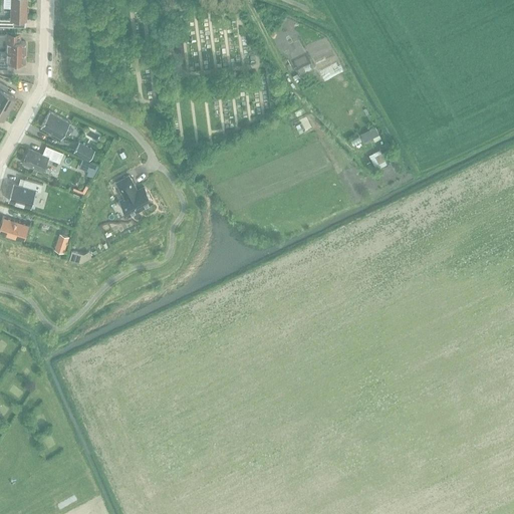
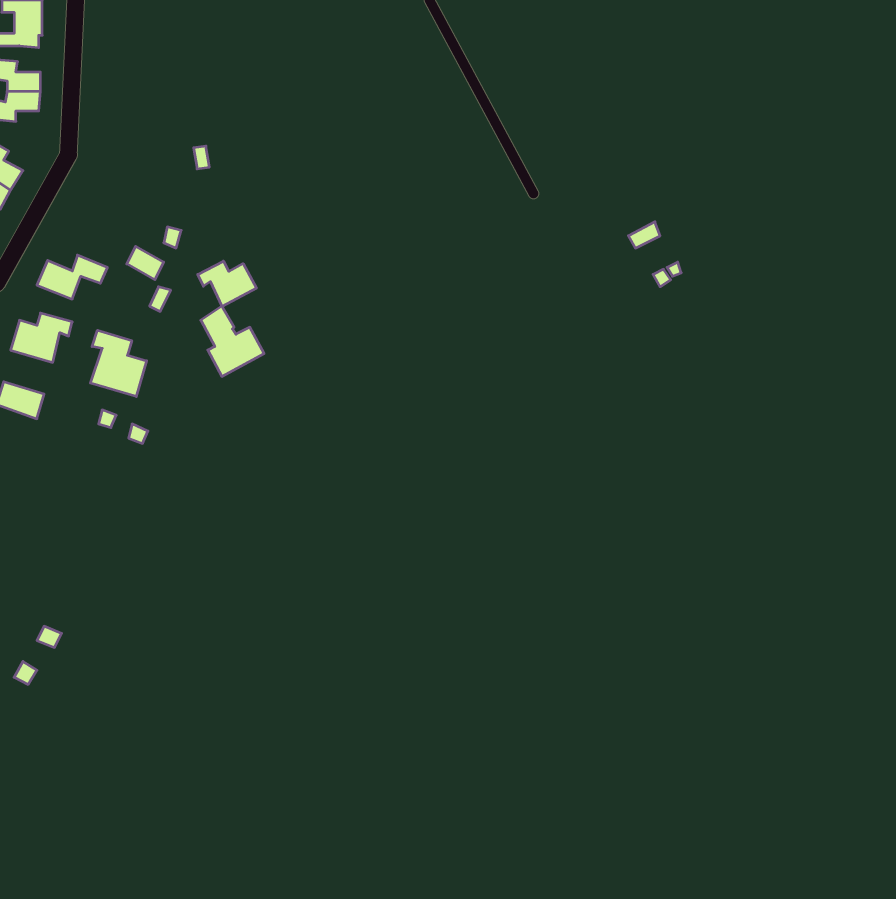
building: [38,111,68,139] -> none
building: none -> [198,261,256,307]
building: none -> [90,330,147,397]

